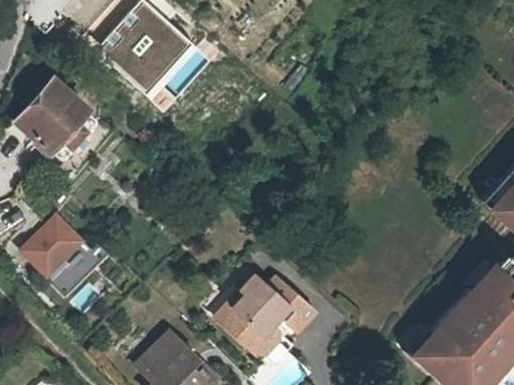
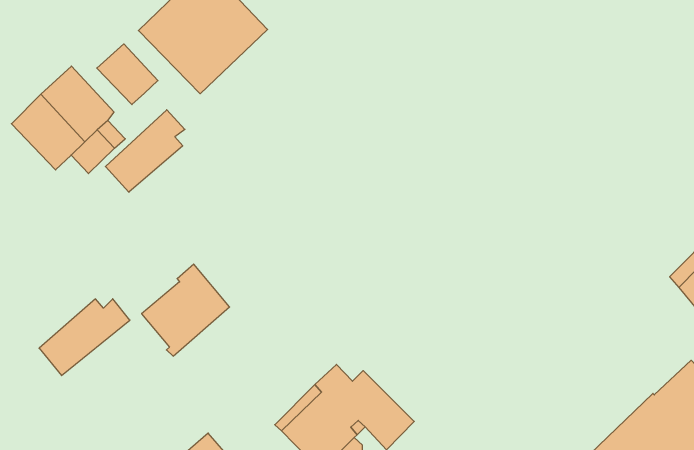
building: none -> [97,44,158,105]
building: none -> [105,110,185,192]
building: [22,212,83,277] -> [142,264,230,356]

